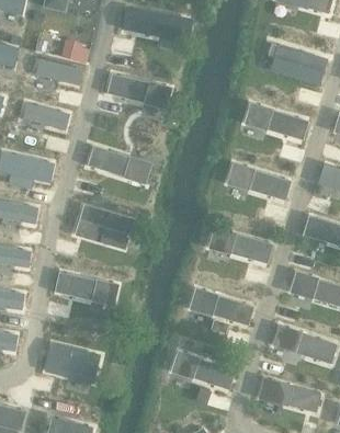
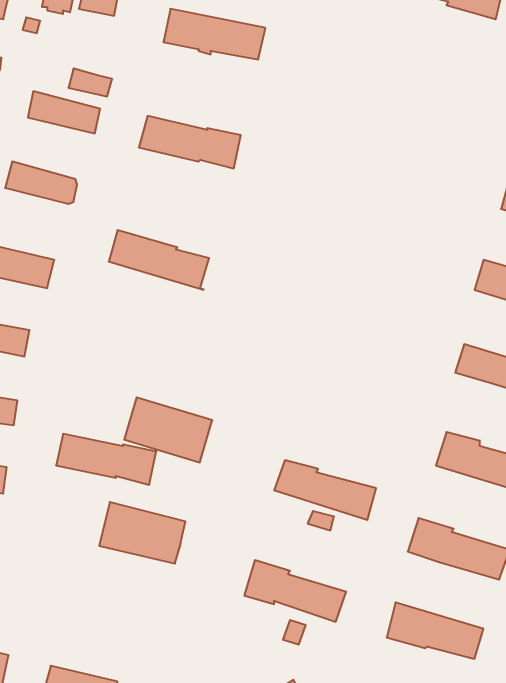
building: [270,45,326,84] -> none
building: [245,101,308,140] -> none
building: [227,161,291,201] -> none
building: [76,206,131,247] -> [124,397,212,462]
building: [209,225,272,263] -> none
building: [45,343,99,381] -> [99,502,185,564]

